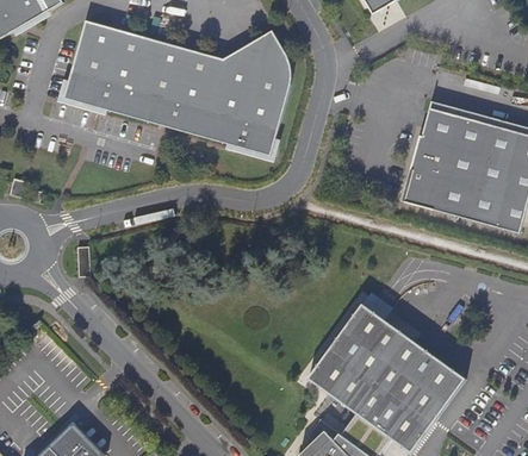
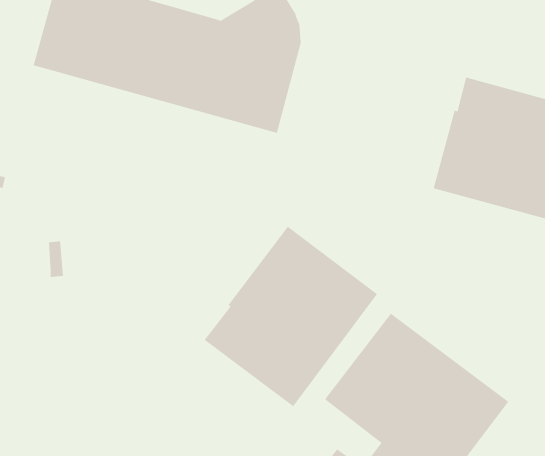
building: none -> [204,226,378,407]

